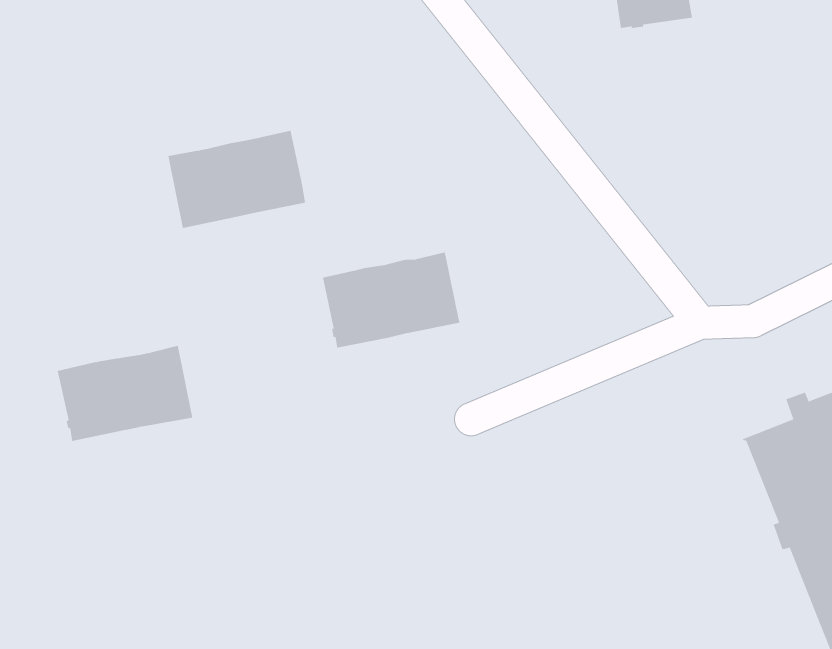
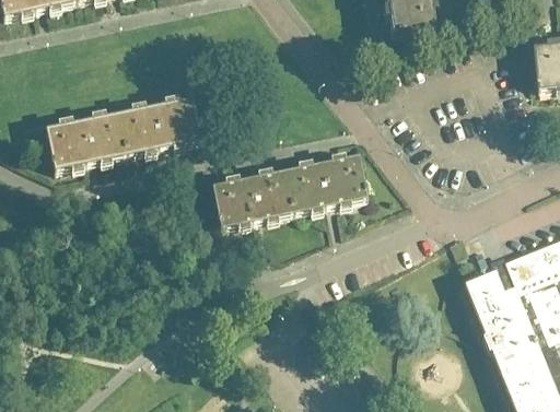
building: none -> [285,154,368,212]
building: [57,345,193,442] -> [45,111,127,169]

